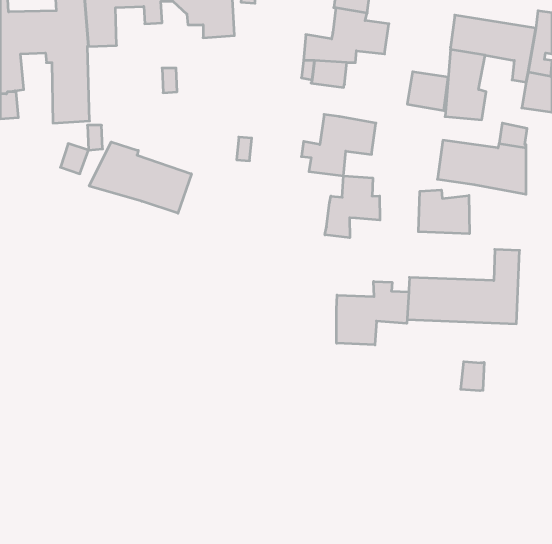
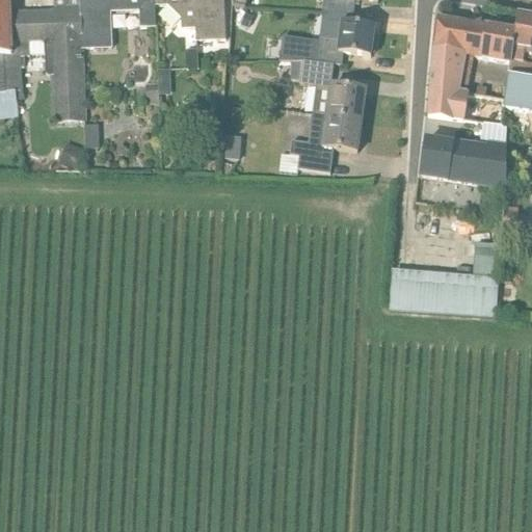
building: [407,72,448,111] -> [326,81,366,118]
building: [89,142,191,213] -> none
building: [325,176,380,238] -> none
building: [418,190,469,234] -> none
building: [336,281,409,345] -> none
building: [461,362,484,391] -> none

